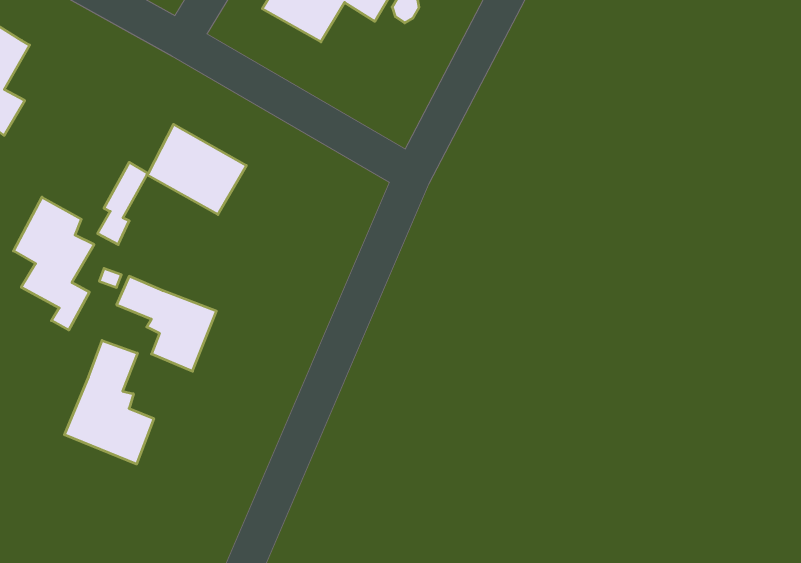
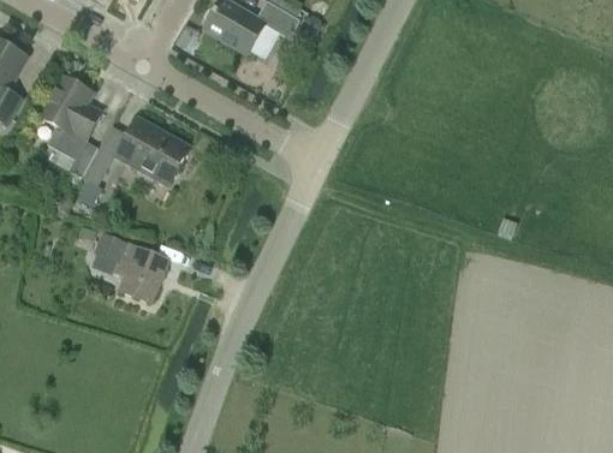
building: [13,197,94,330] -> [40,73,101,174]
building: [64,340,154,464] -> none

